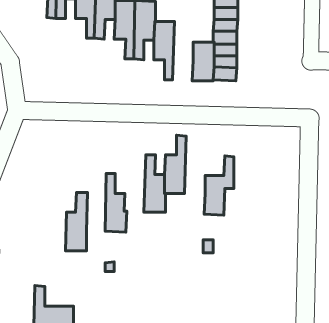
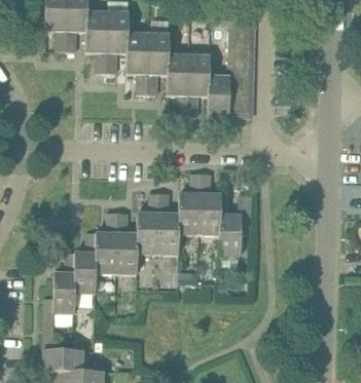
building: none -> [187,54,211,115]
building: none -> [200,174,222,233]
building: none -> [137,192,159,253]
building: none -> [98,212,118,272]
building: none -> [44,253,77,330]

